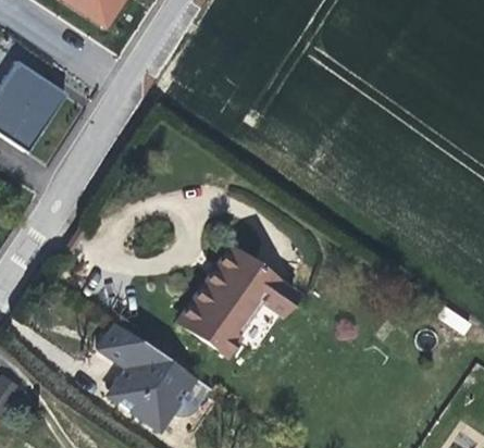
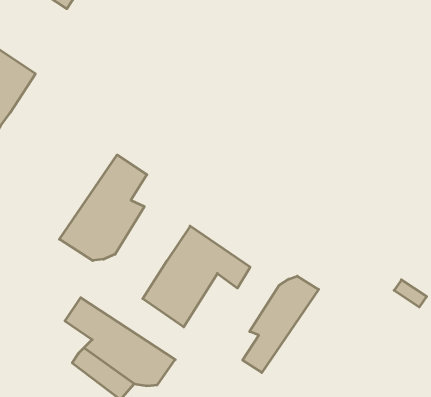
building: none -> [59,155,147,261]
building: none -> [243,276,319,373]

